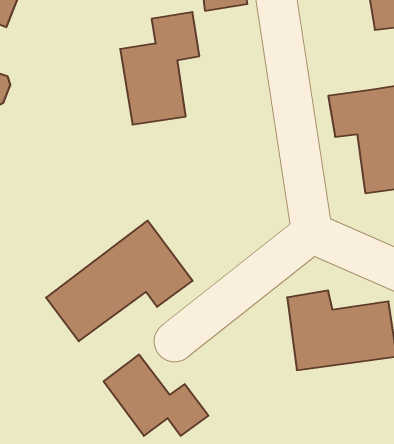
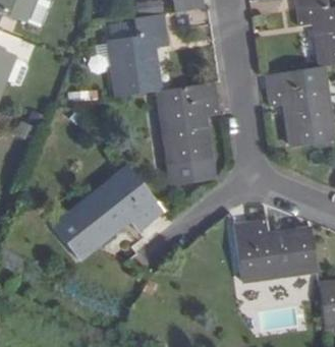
building: none -> [160,80,220,182]
building: [104,355,208,436] -> none

